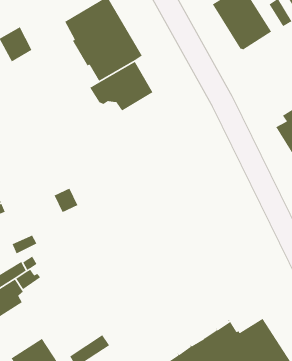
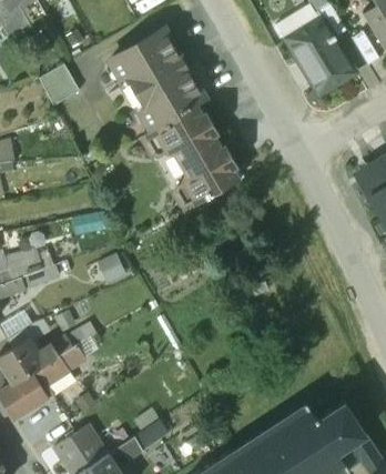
building: none -> [175,141,240,210]

